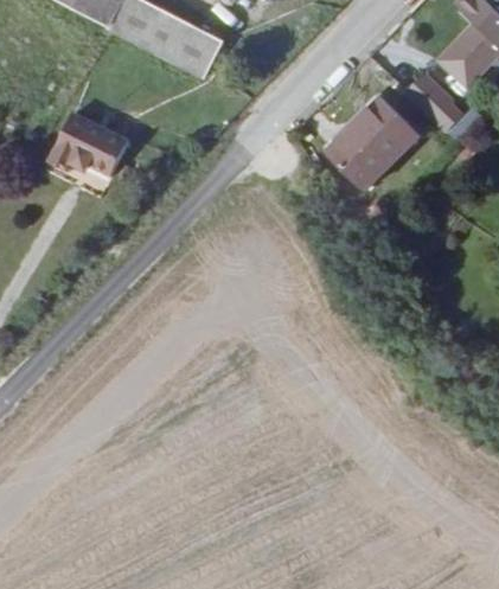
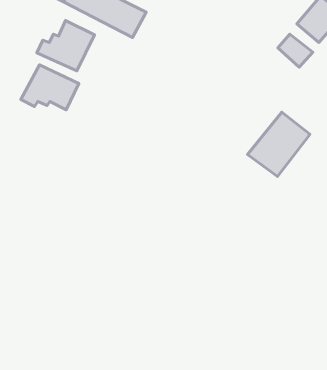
building: none -> [37,21,95,71]
building: [338,98,424,188] -> [248,112,310,177]

